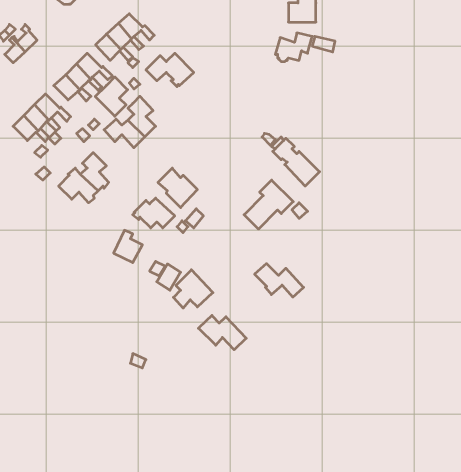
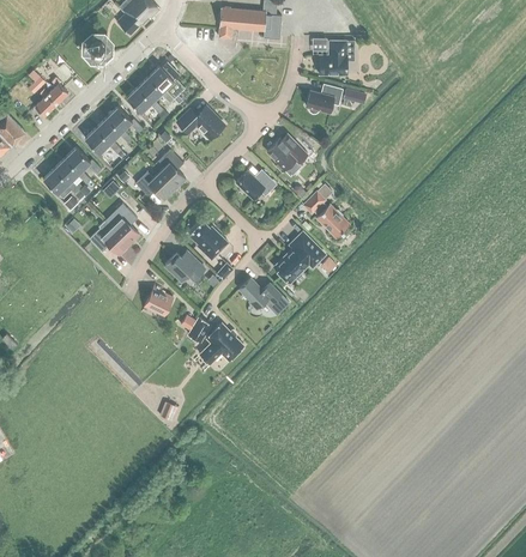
building: [95,77,128,116] -> none
building: none -> [266,133,307,176]
building: none -> [235,169,277,199]
building: [255,264,304,297] -> [238,278,288,311]
building: [198,315,246,350] -> none

